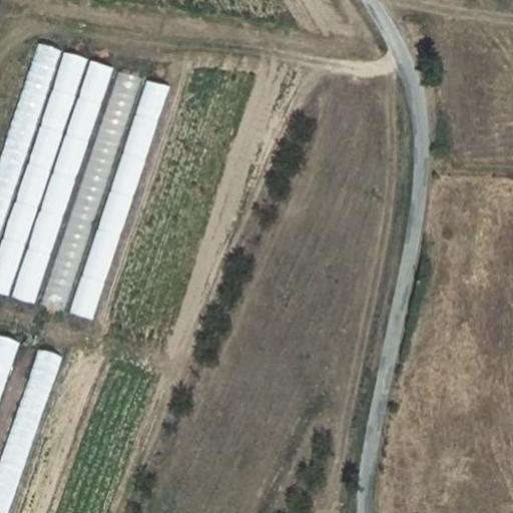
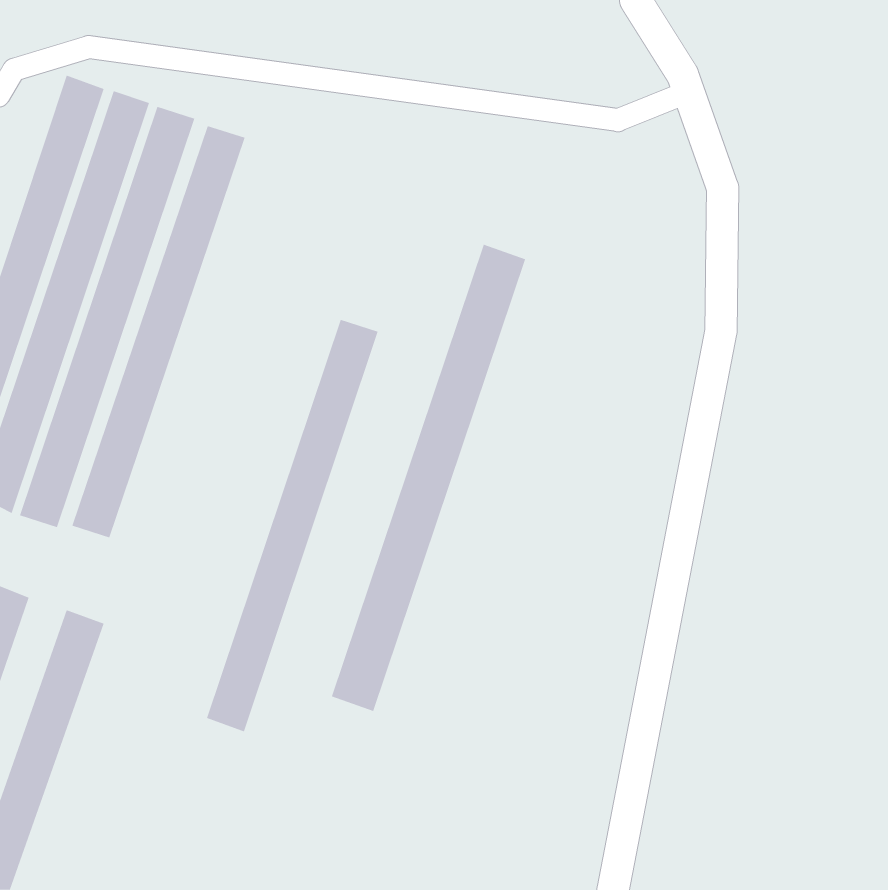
building: [70,81,169,319] -> [206,319,378,732]
building: none -> [331,244,526,712]

